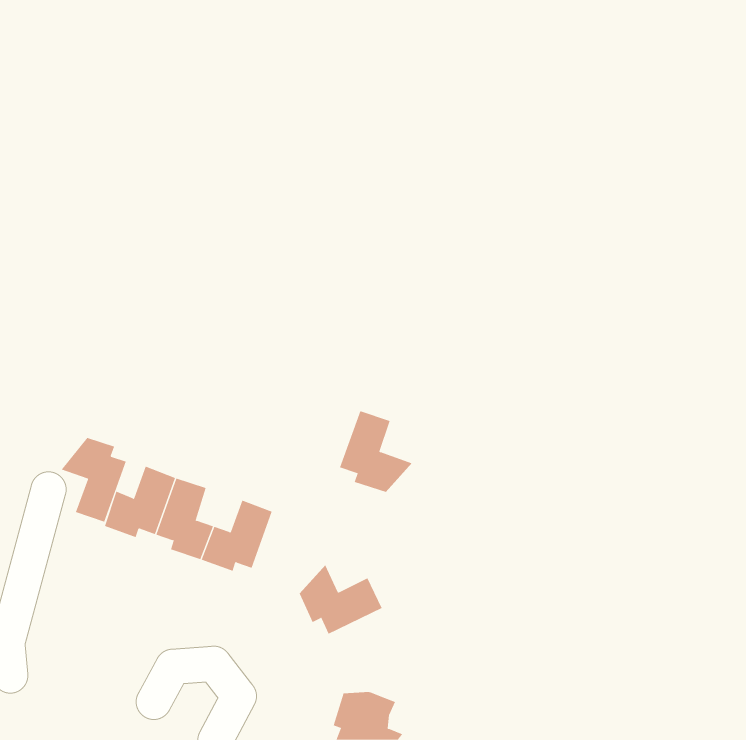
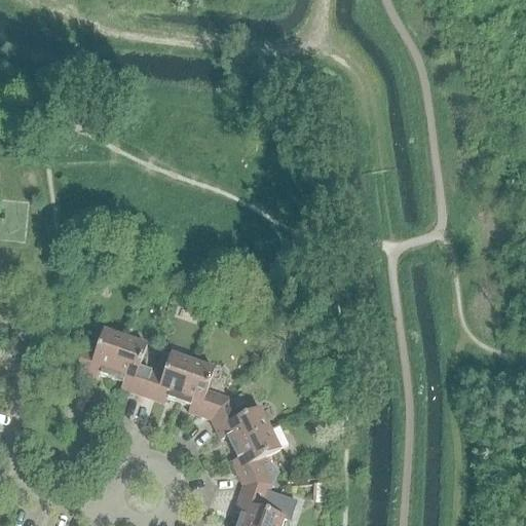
building: [339,410,412,493] -> [179,359,230,416]
building: [61,437,127,523] -> none
building: none -> [232,422,290,480]

